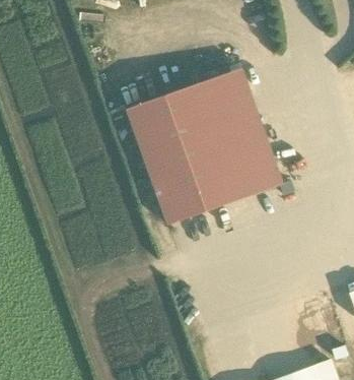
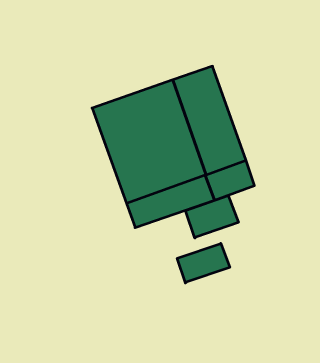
building: none -> [185,196,238,238]
building: none -> [177,243,230,283]

